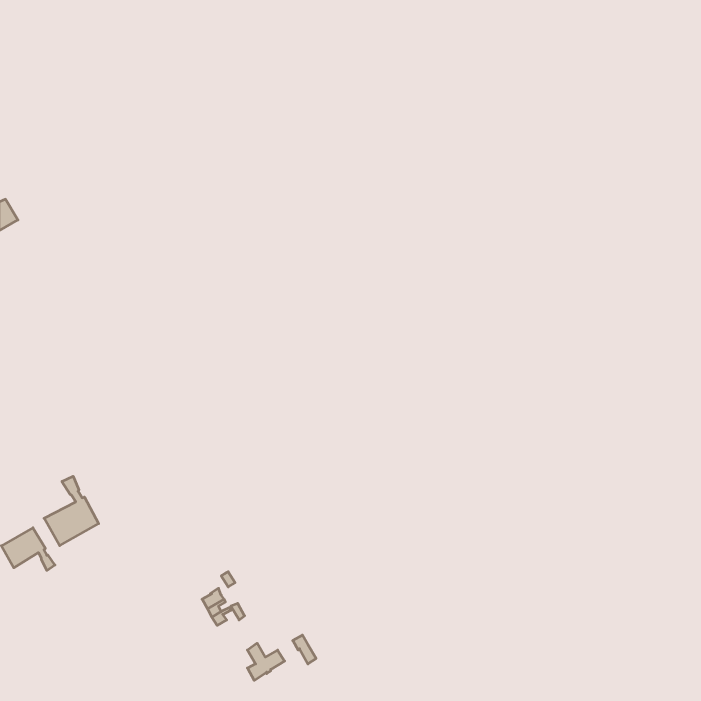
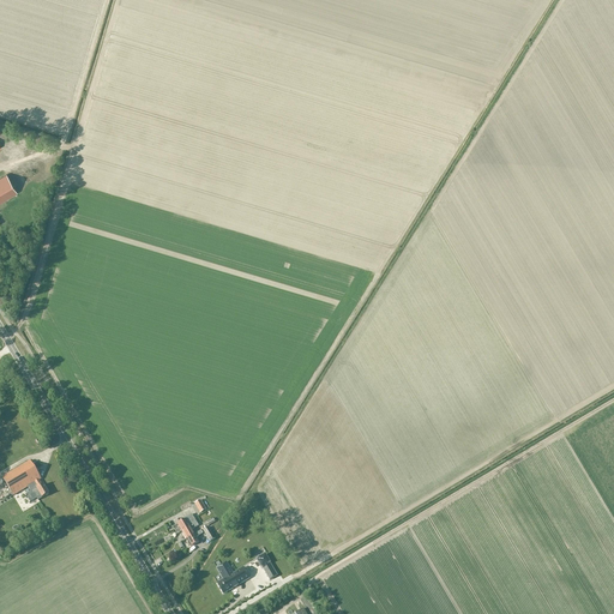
building: [44,476,99,546] -> none

